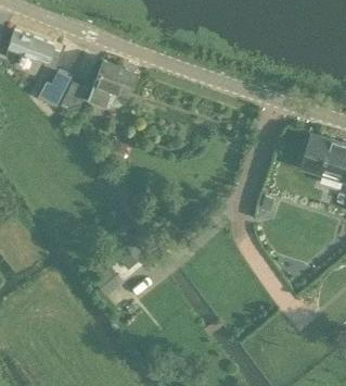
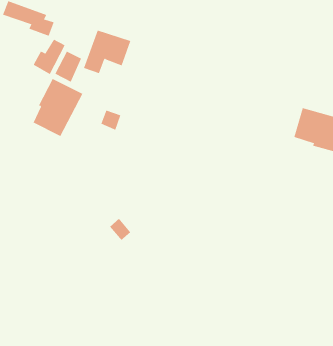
building: none -> [33,78,83,137]

